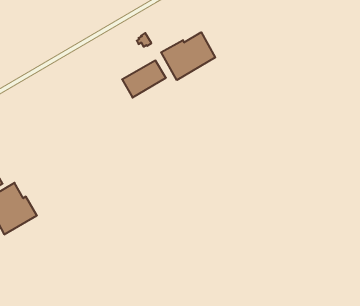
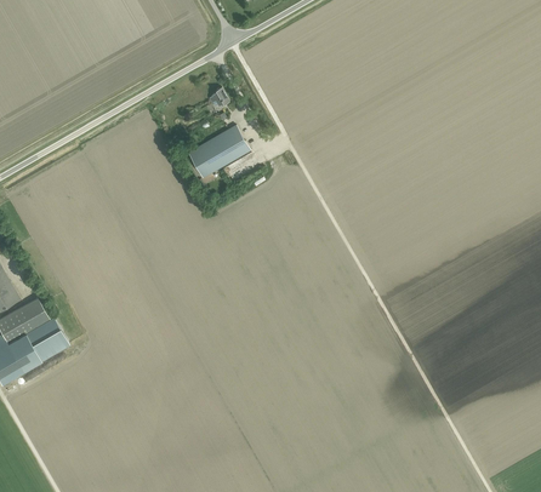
building: [161,32,215,80] -> none

